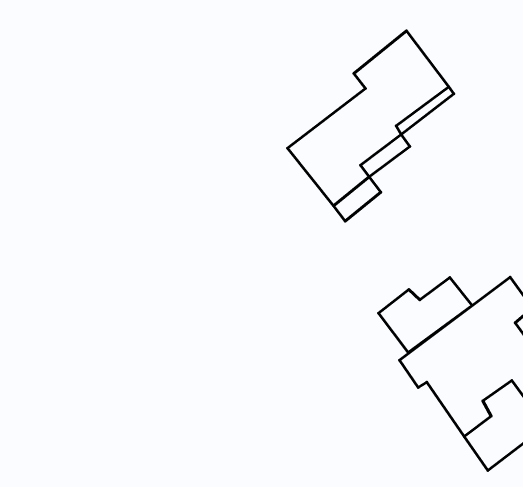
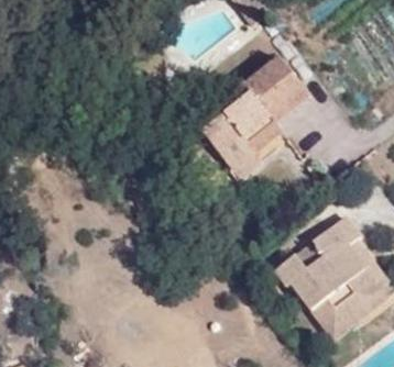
building: [378,278,472,353] -> none

